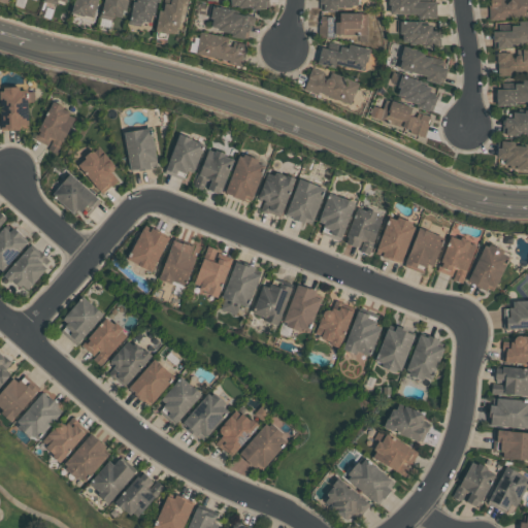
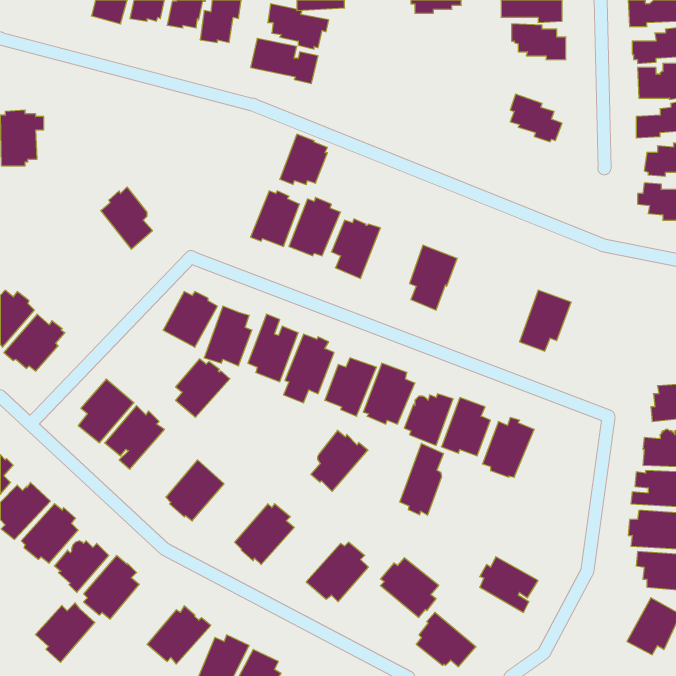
building: [321,12,369,37] -> none
building: [319,44,371,71] -> none
building: [400,46,449,85] -> none
building: [304,68,360,106] -> none
building: [370,99,432,136] -> none
building: [34,102,76,155] -> none
building: [125,128,158,171] -> none
building: [167,134,204,173] -> [280,134,327,185]
building: [54,174,102,217] -> none
building: [287,178,326,223] -> none
building: [345,208,384,255] -> none
building: [376,217,417,264] -> none
building: [437,235,476,283] -> none
building: [469,243,510,290] -> none
building: [406,334,446,380] -> none
building: [110,340,153,386] -> [176,359,230,417]
building: none -> [400,443,443,515]
building: [160,376,202,425] -> none
building: [385,403,431,443] -> none
building: [216,409,260,457] -> [311,430,368,491]
building: [90,458,136,504] -> [35,603,95,662]
building: [349,458,394,504] -> [380,558,439,617]
building: [453,462,496,506] -> none

